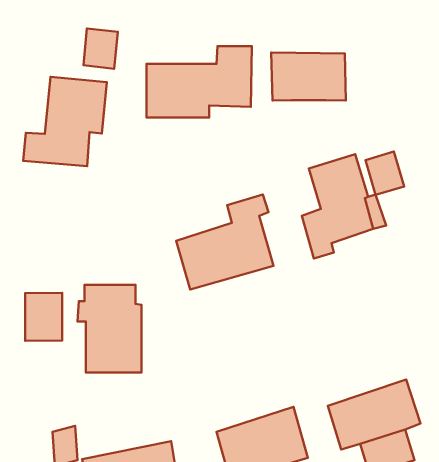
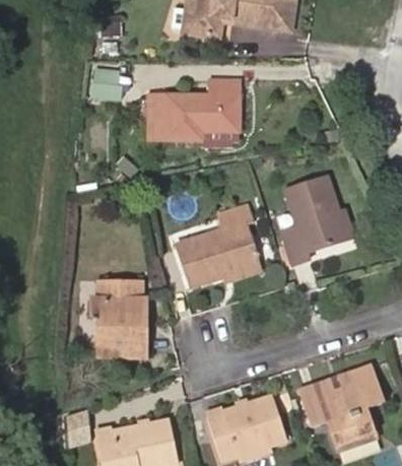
building: [271,53,346,101] -> none
building: [23,77,107,166] -> none
building: [365,152,404,195] -> none
building: [25,293,62,341] -> none

